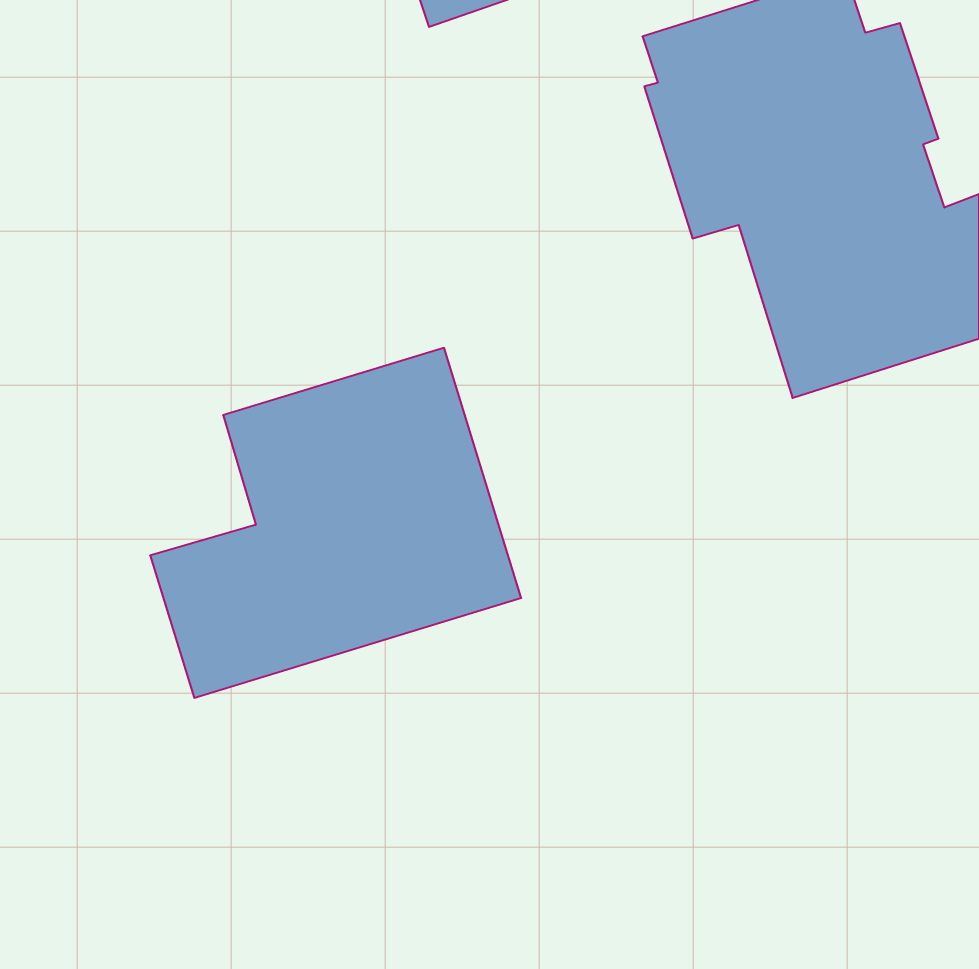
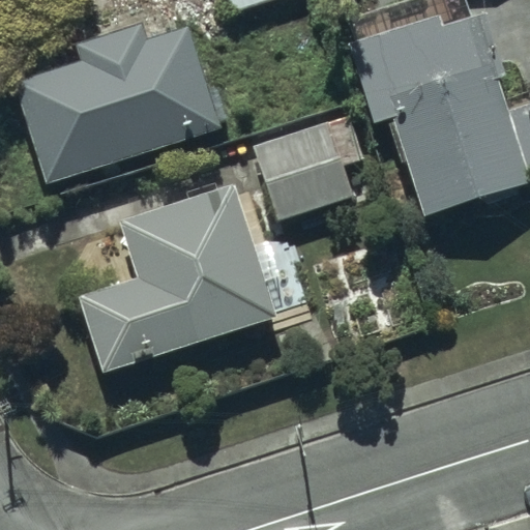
building: none -> [14,21,218,183]
building: none -> [252,112,365,215]

